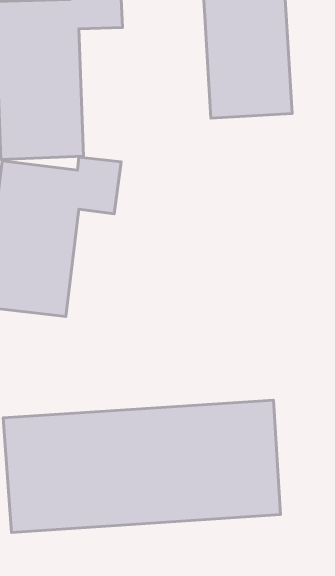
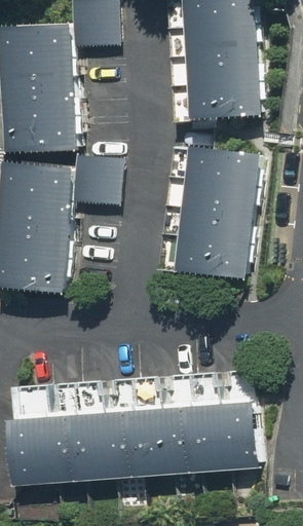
building: none -> [173,152,260,279]

